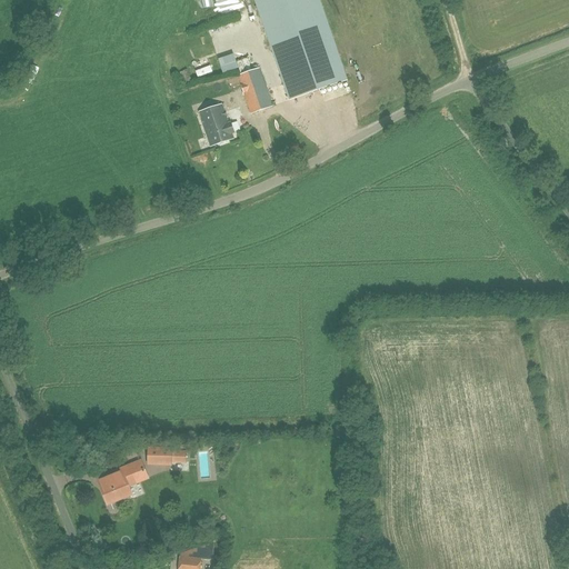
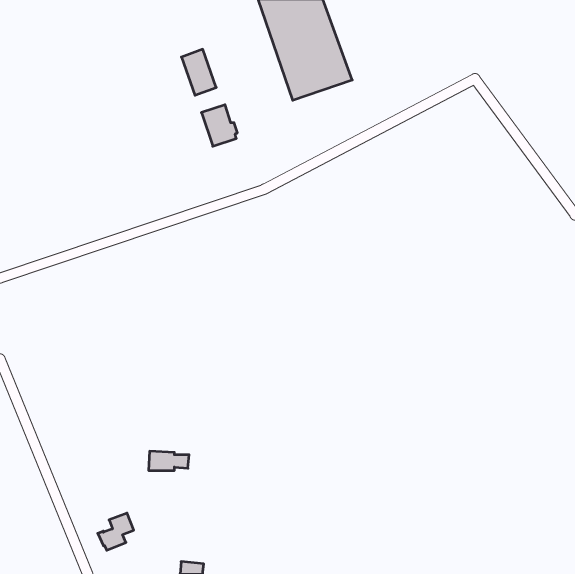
building: [238,67,272,112] -> [181,49,216,95]
building: [101,465,137,501] -> [98,513,134,550]

